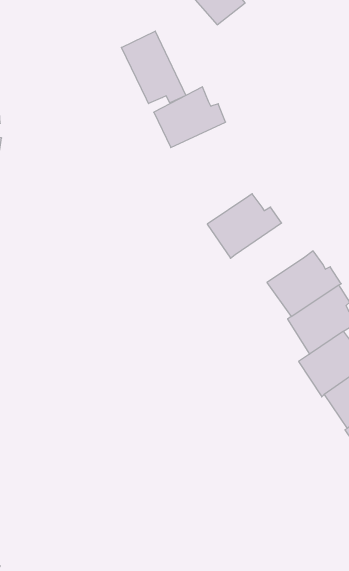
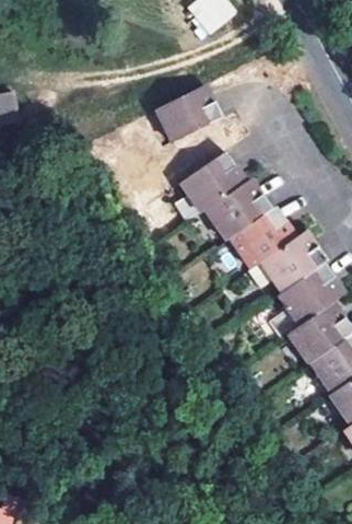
building: [121,31,186,104] -> none
building: none -> [180,151,242,213]
building: none -> [230,208,291,269]

